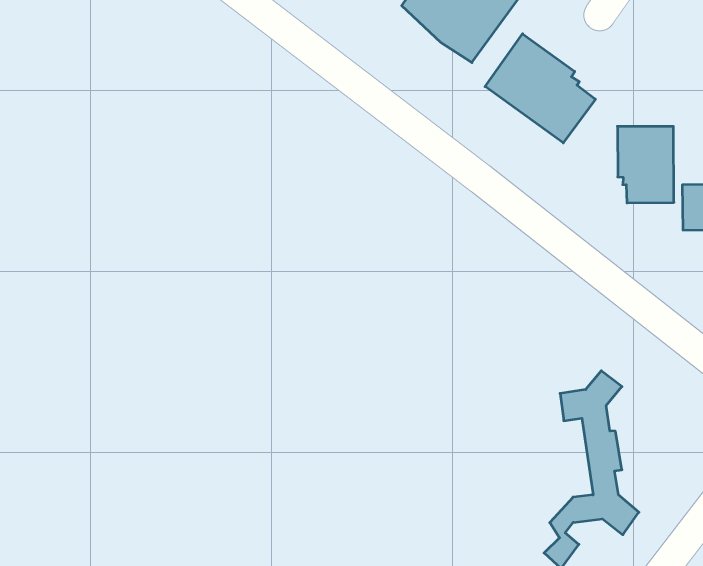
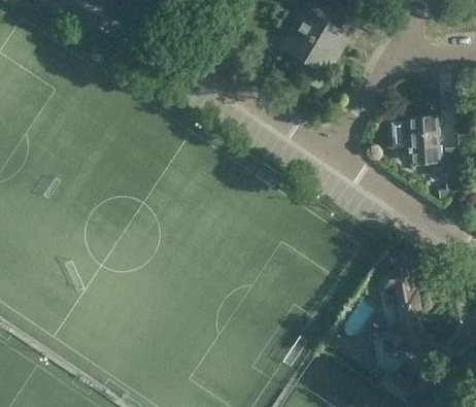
building: [485,34,595,143] -> none

